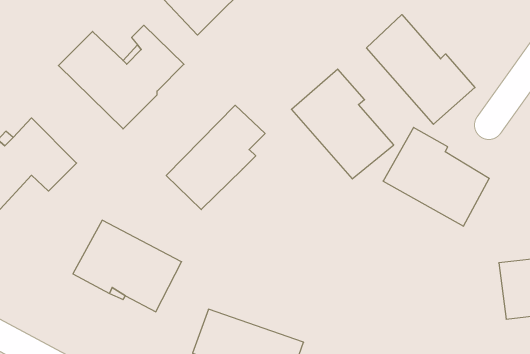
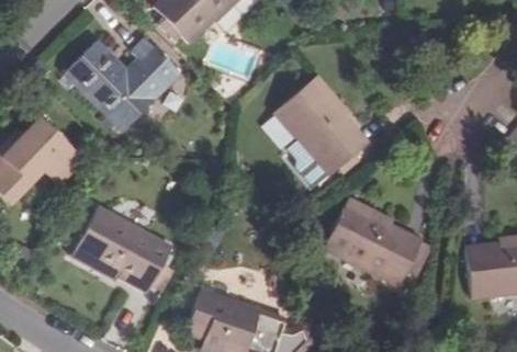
building: [367,15,475,124] -> none
building: [166,105,265,210] -> none
building: [383,127,489,226] -> [322,201,417,289]

